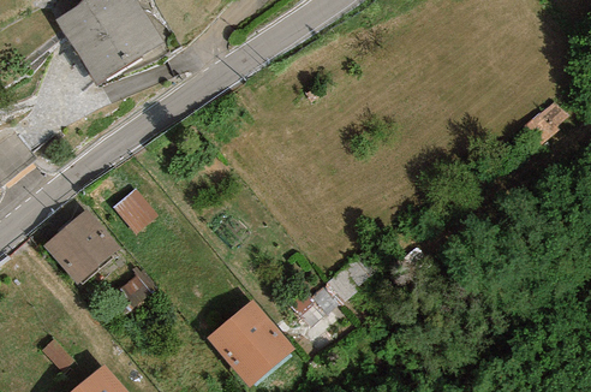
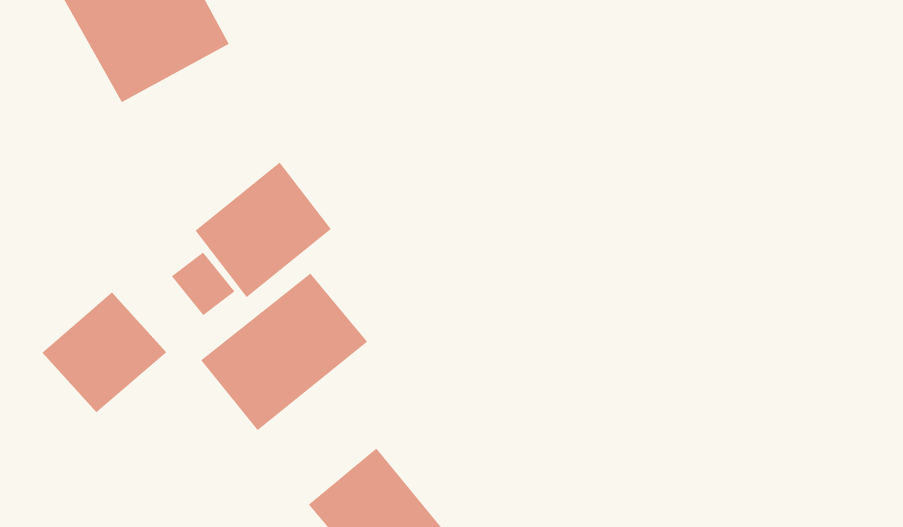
building: none -> [195,161,332,298]
building: none -> [200,273,368,431]

